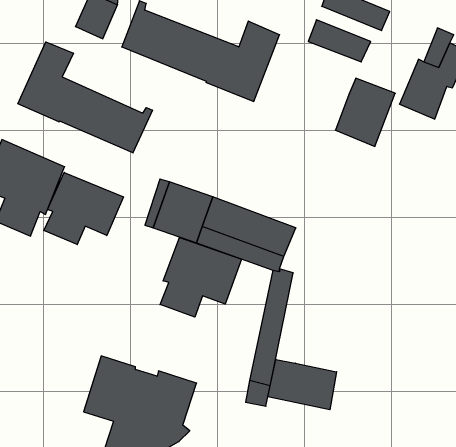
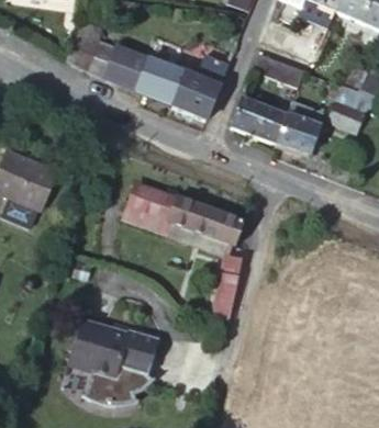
building: [18,42,152,153] -> none
building: none -> [232,97,287,142]
building: [44,172,123,245] -> none
building: [160,238,242,317] -> none
building: [268,359,337,410] -> none

